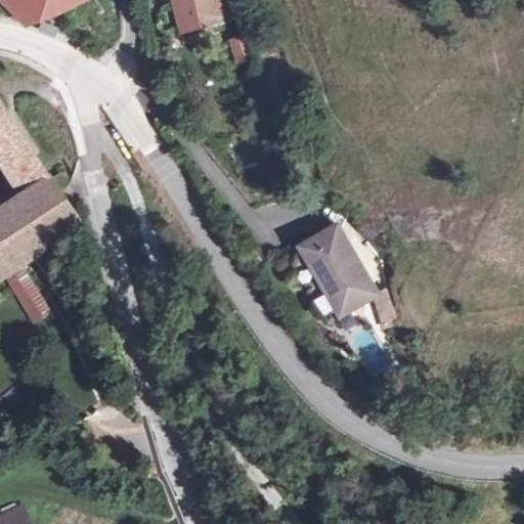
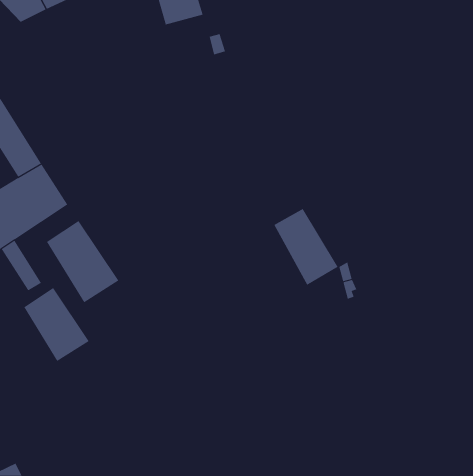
building: none -> [46,220,119,303]
building: none -> [23,287,89,362]

